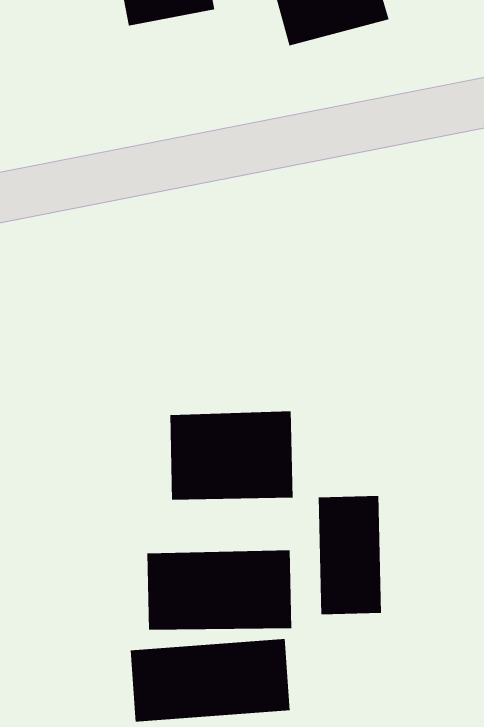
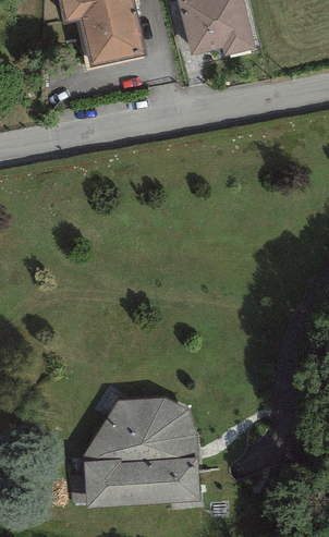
building: [170,410,293,500] -> none
building: [318,495,381,615] -> none

